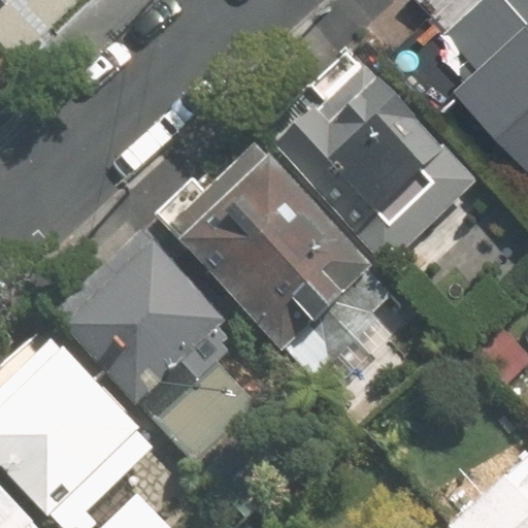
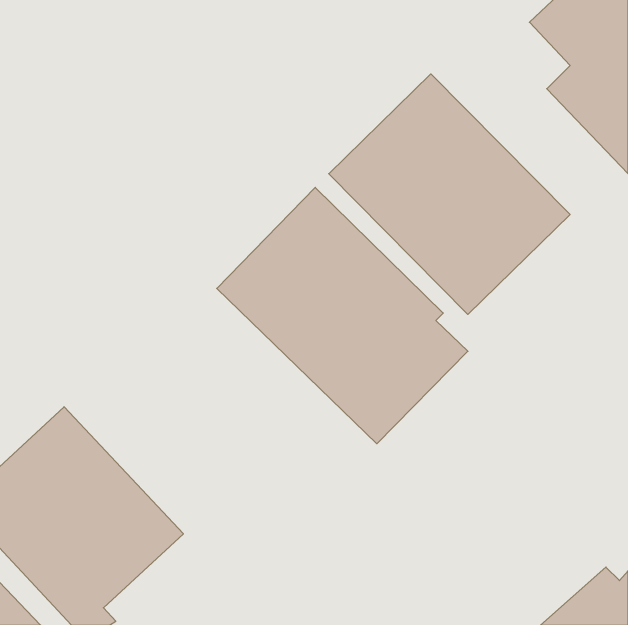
building: [61,240,236,462] -> none

